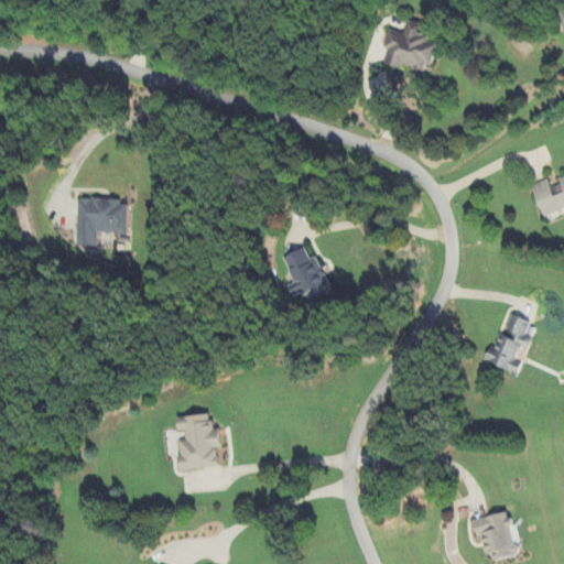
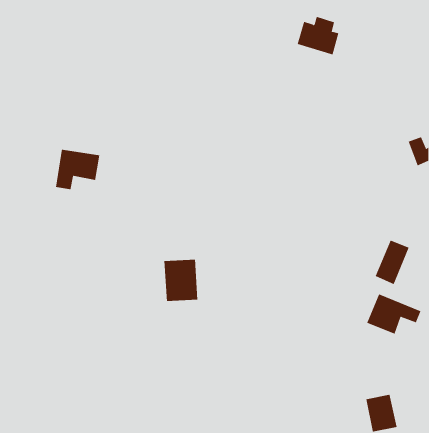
building: [279,243,330,302] -> none
building: none -> [367,294,421,335]
building: [175,414,220,469] -> [164,259,198,301]

